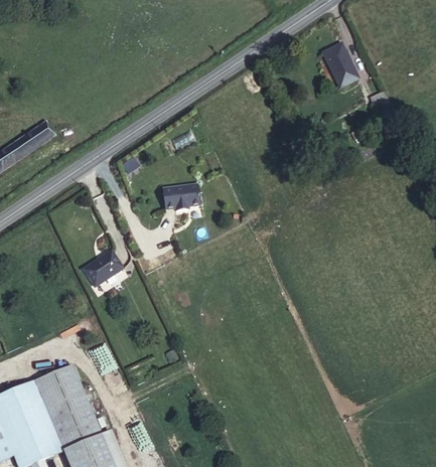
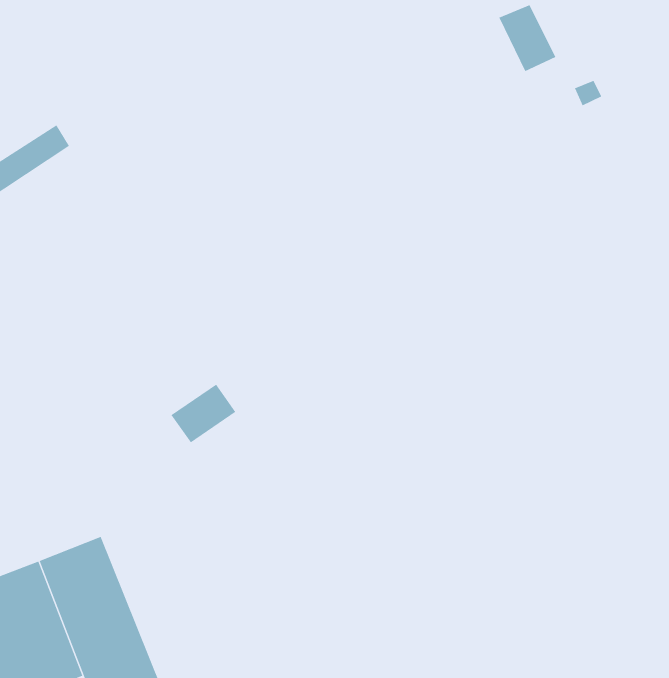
building: [166,184,203,211] -> none
building: [87,252,127,288] -> [171,384,236,443]

